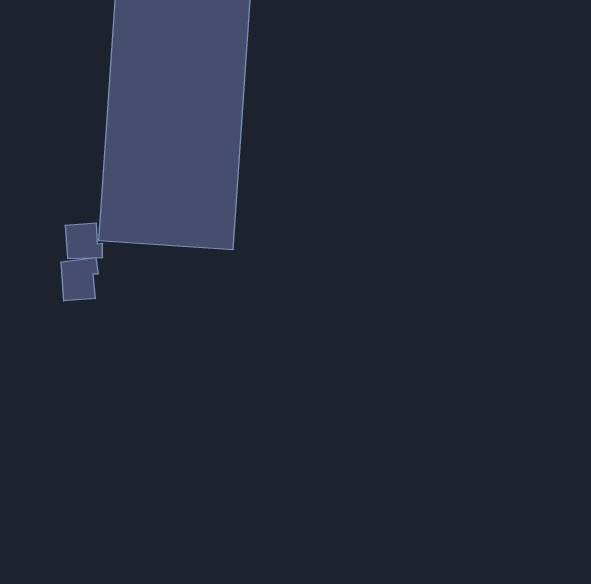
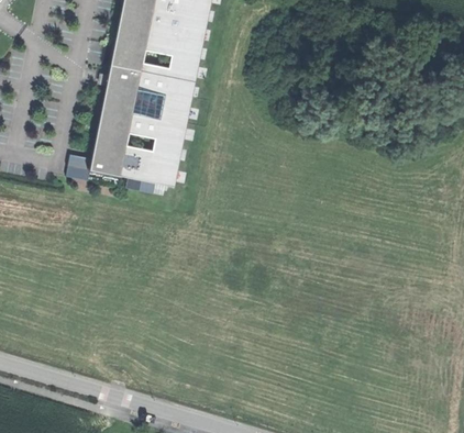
building: [61,258,98,301] -> none

